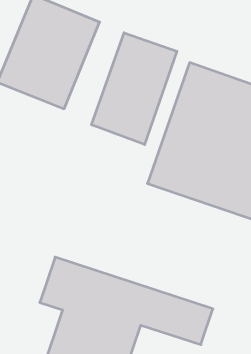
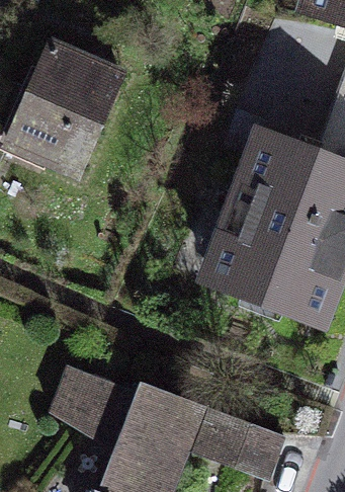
building: [92,33,177,145] -> none

